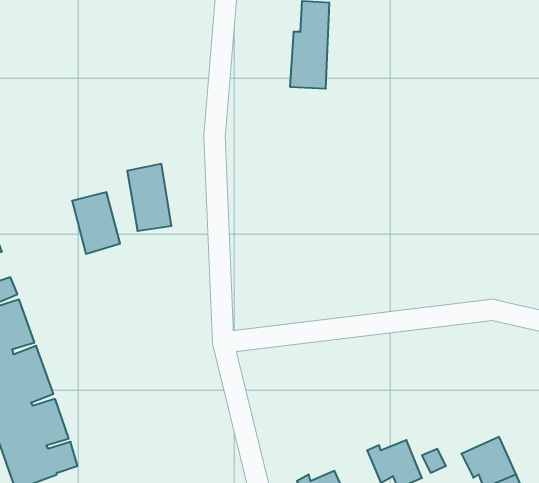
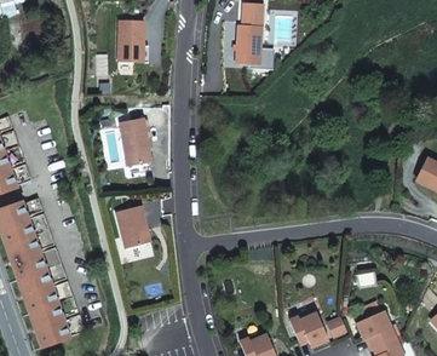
building: none -> [119,21,144,63]
building: [72,192,120,254] -> [116,206,150,249]

